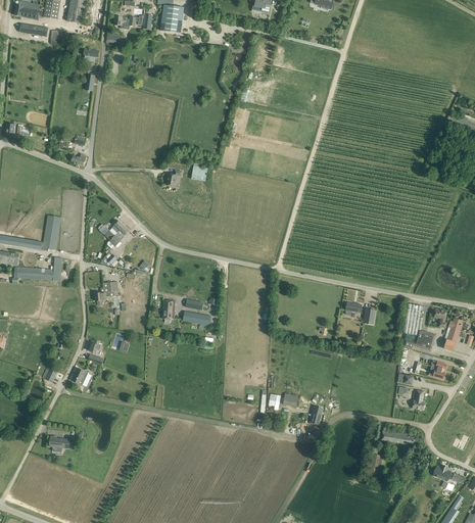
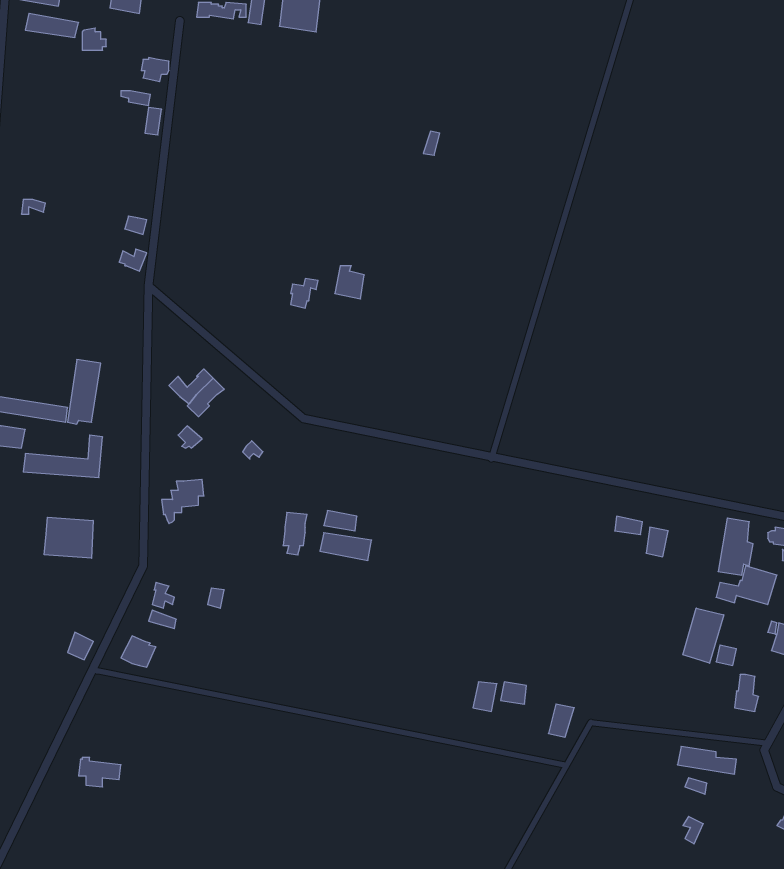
building: none -> [44,517,93,558]
building: none -> [683,608,724,663]

